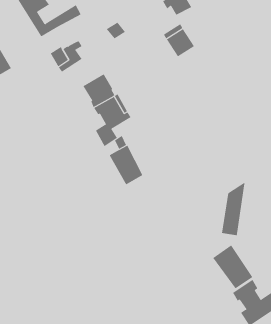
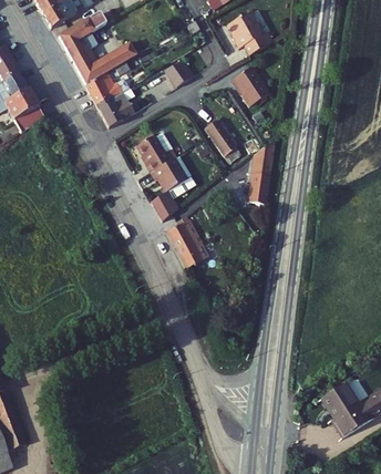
building: none -> [82,71,127,103]
building: none -> [204,118,238,156]
building: [221,181,246,236] -> [245,141,275,207]
building: [213,244,253,289] -> none

